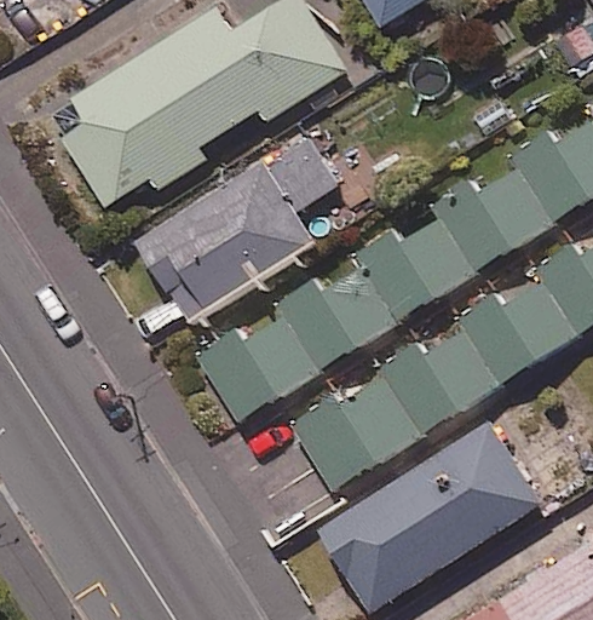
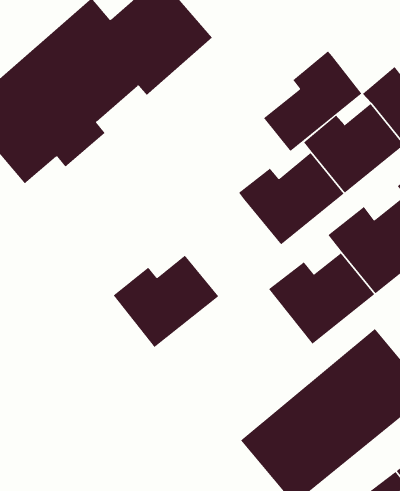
building: none -> [263,51,362,152]
building: [125,131,328,311] -> none
building: [276,262,395,368] -> none
building: [288,379,416,489] -> none

